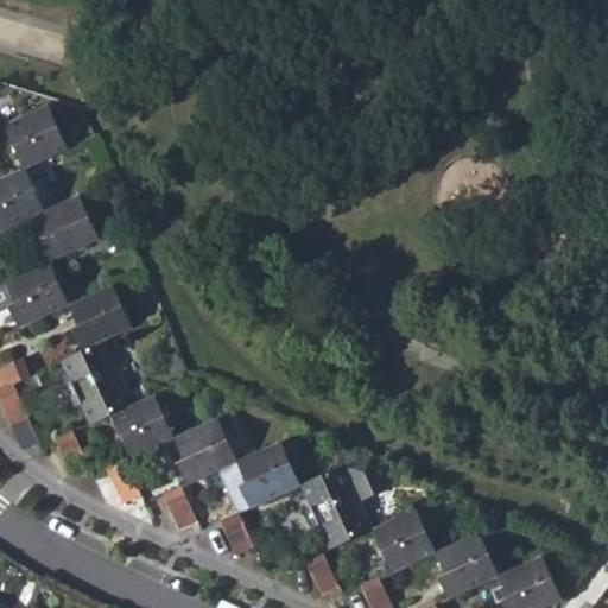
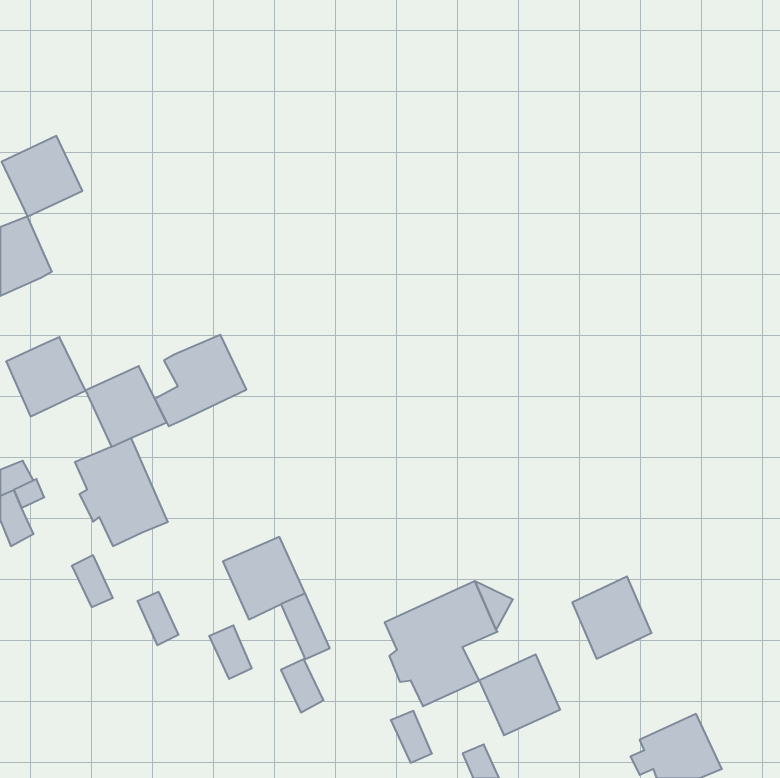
building: [25,196,96,267] -> [155,335,246,426]
building: [110,394,173,457] -> none
building: [238,442,299,505] -> none
building: [436,532,498,596] -> [572,576,652,659]

